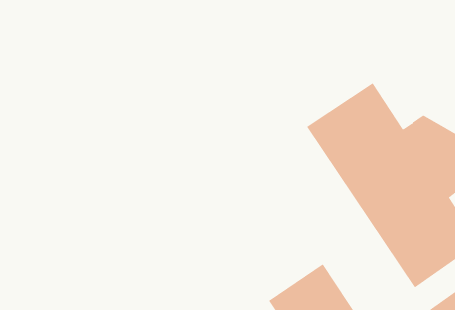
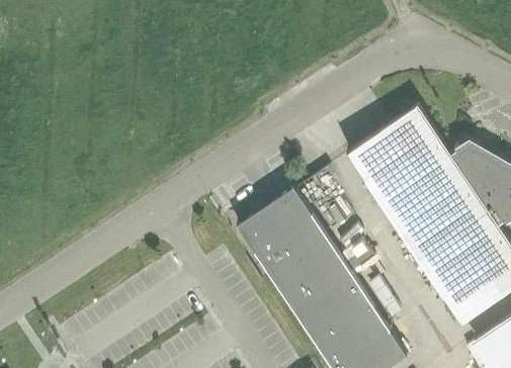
building: none -> [237,187,366,334]

